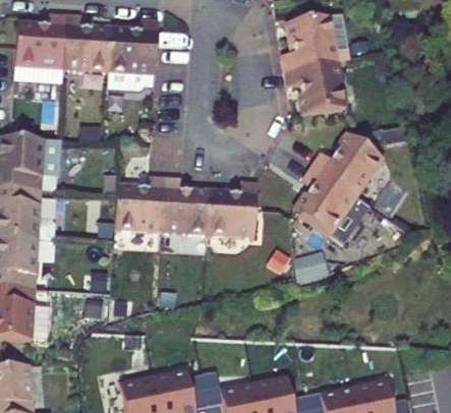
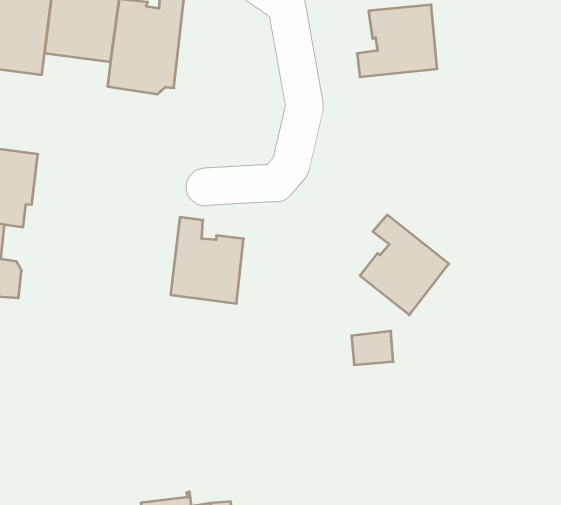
building: [285,62,348,117] -> none
building: [311,134,384,198] -> none
building: [115,177,165,233] -> none
building: [209,183,259,239] -> none

